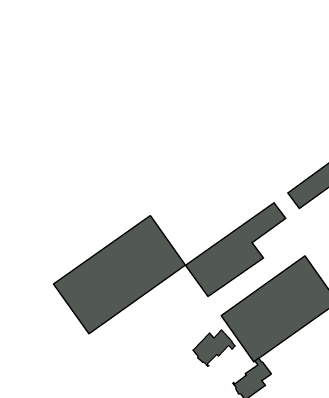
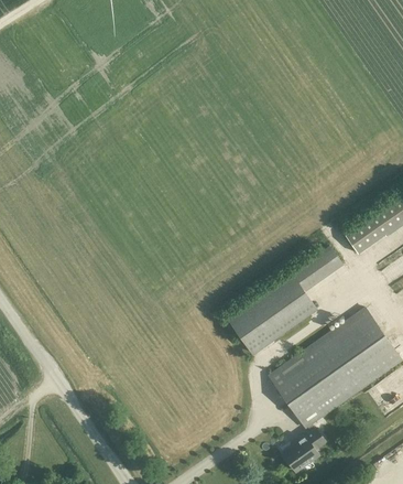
building: [54,216,186,334] -> none
building: [193,330,235,366] -> none

